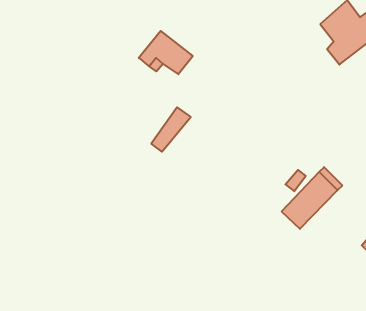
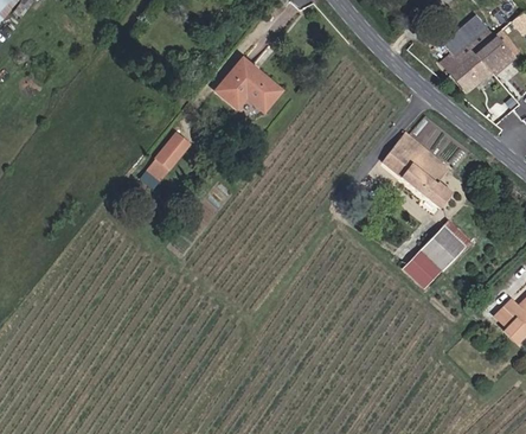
building: none -> [380,132,454,217]
building: [151,107,191,152] -> [142,133,191,187]

